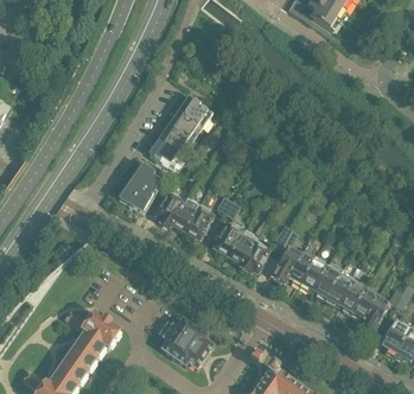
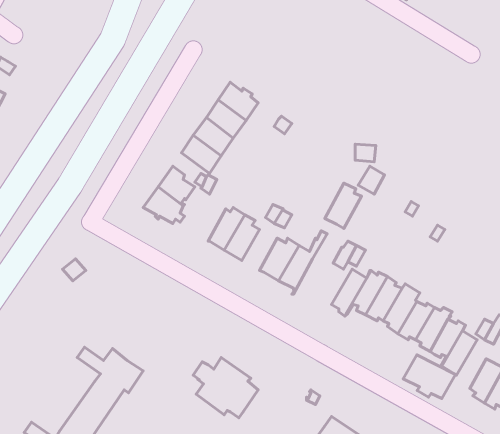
building: [153,191,185,225] -> none
building: [240,237,269,274] -> [325,183,362,229]
building: none -> [403,355,456,399]

